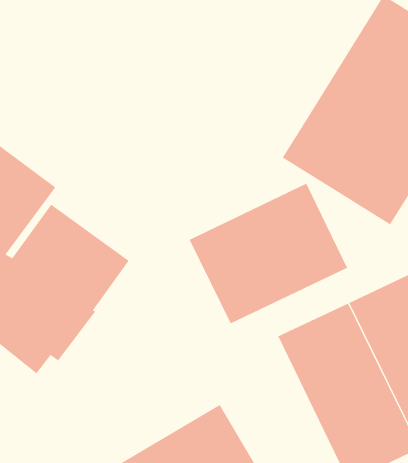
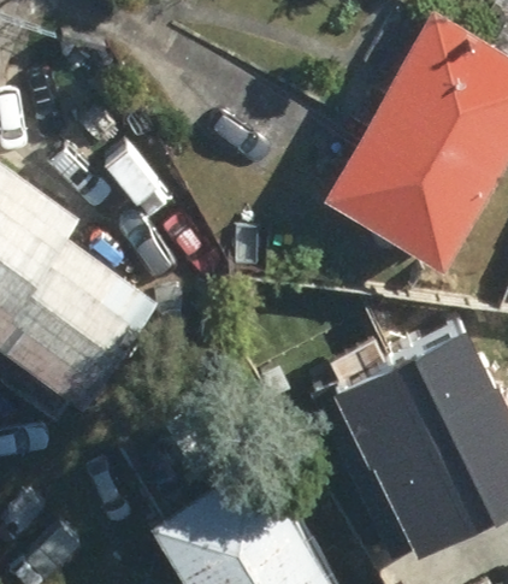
building: [189,183,348,324] -> none

